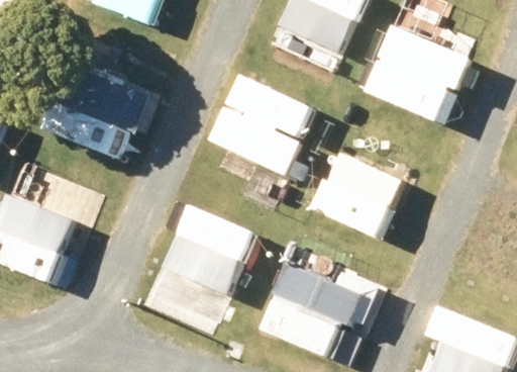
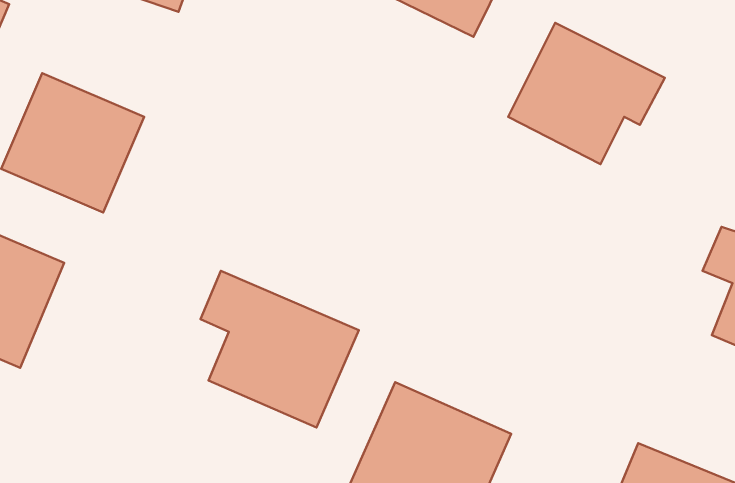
building: [205,76,317,185] -> none
building: [309,146,406,246] -> none

